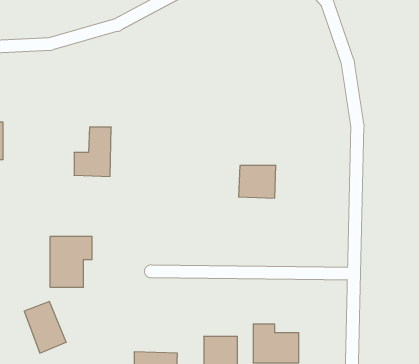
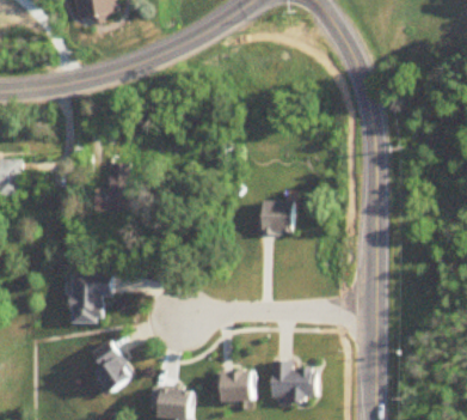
building: [24,301,66,353] -> [93,342,135,394]

